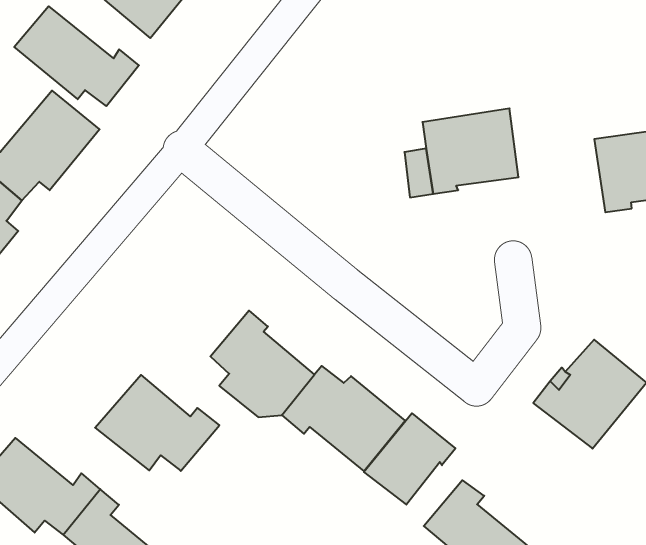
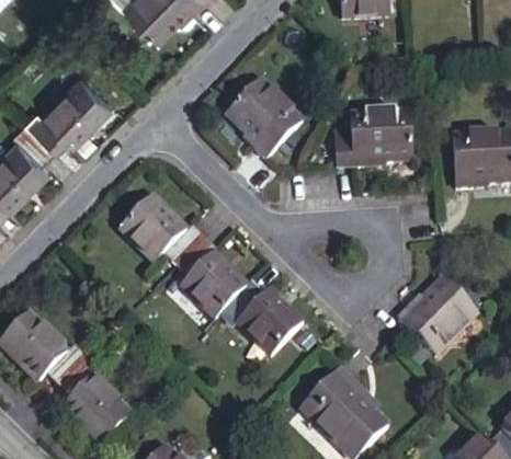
building: [14,6,139,106] -> none
building: none -> [230,79,304,159]
building: [95,375,219,471] -> [117,197,204,266]
building: [364,413,455,505] -> none

